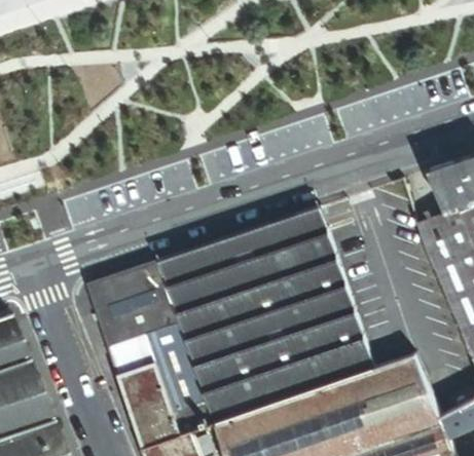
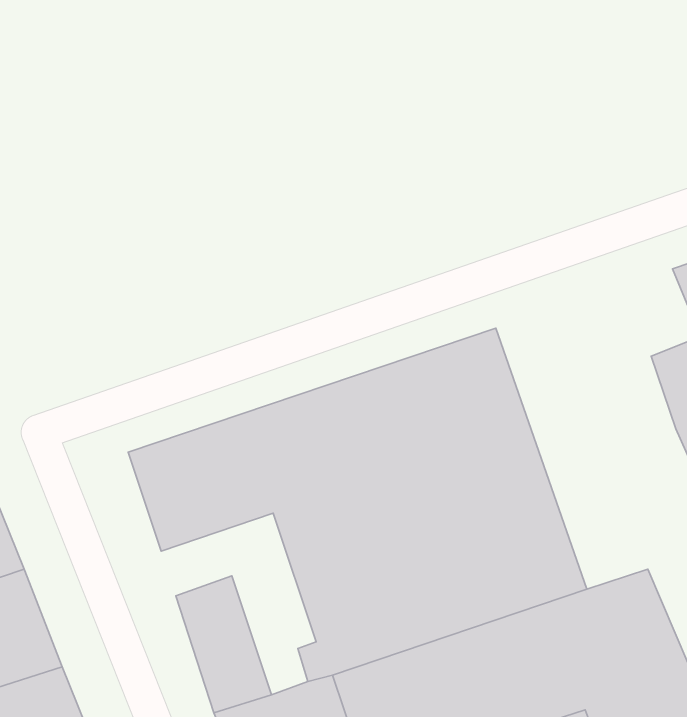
building: [113,322,210,435] -> none

